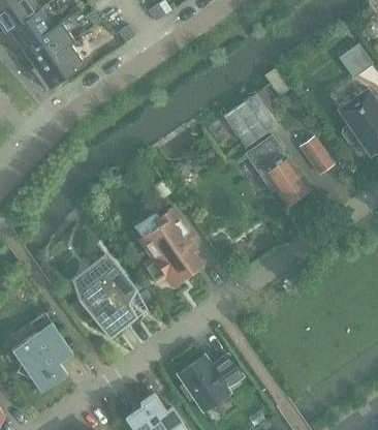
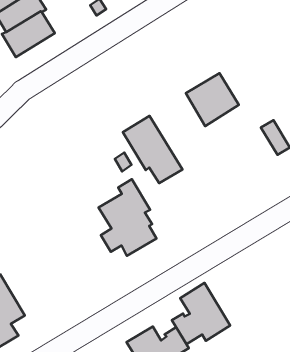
building: [246,135,309,204] -> [123,116,182,183]
building: [71,250,137,338] -> none
building: none -> [172,283,230,344]

